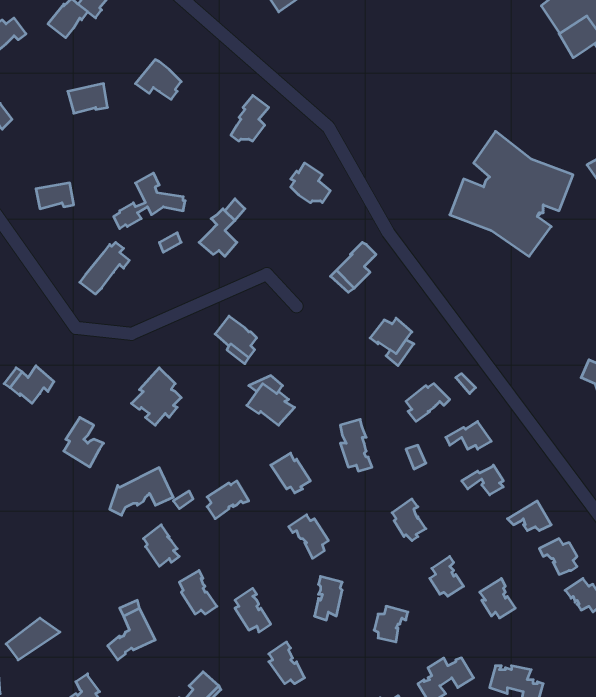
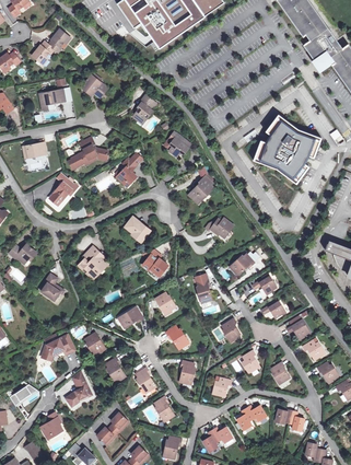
building: [110,468,173,515] -> [42,334,77,360]

